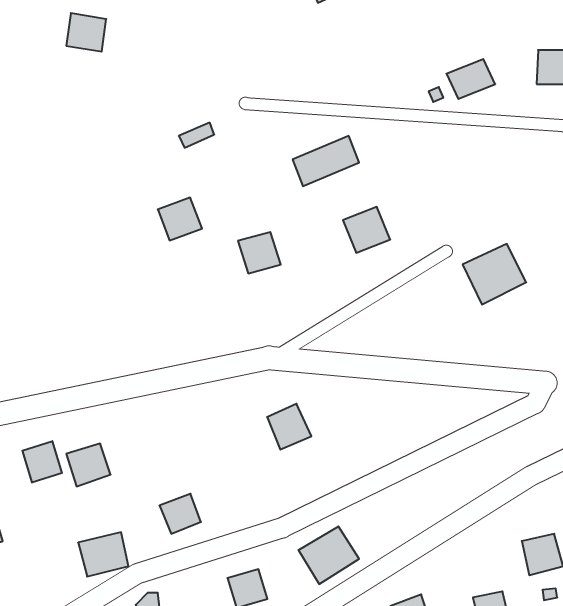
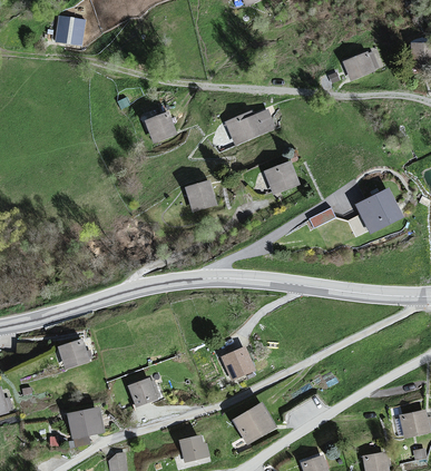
building: [158,198,202,240] -> [145,110,178,143]
building: [267,404,311,450] -> [221,344,254,379]
building: [22,441,62,483] -> none

